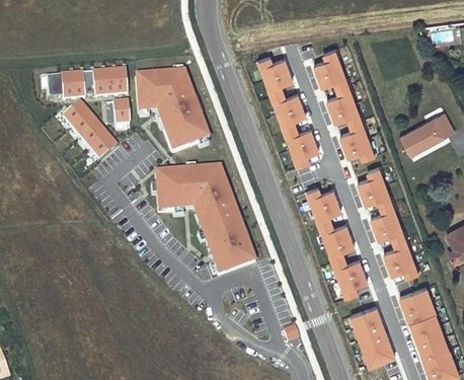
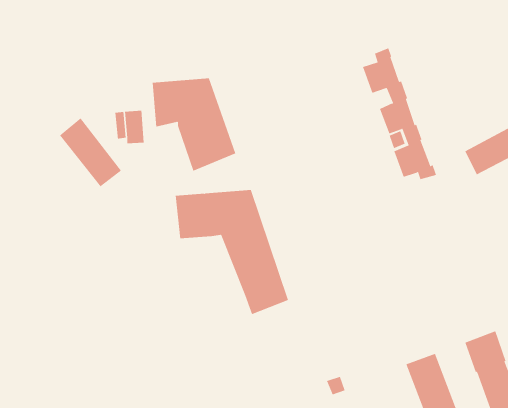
building: [256,56,319,167] -> none
building: [46,72,125,101] -> none
building: [358,166,419,278] -> none
building: [305,185,367,298] -> none

